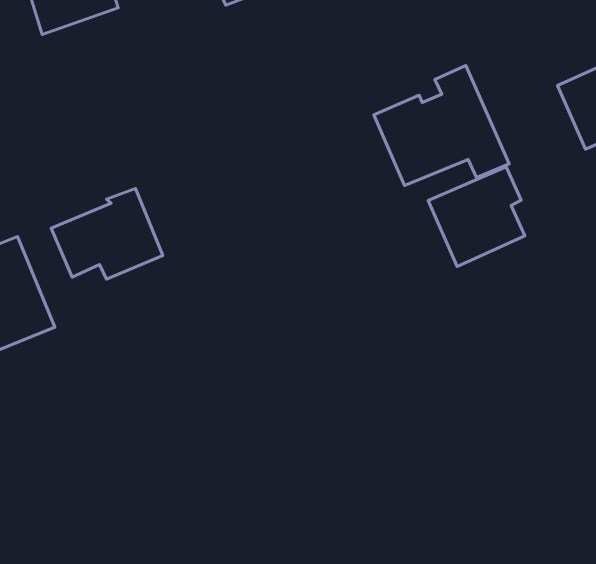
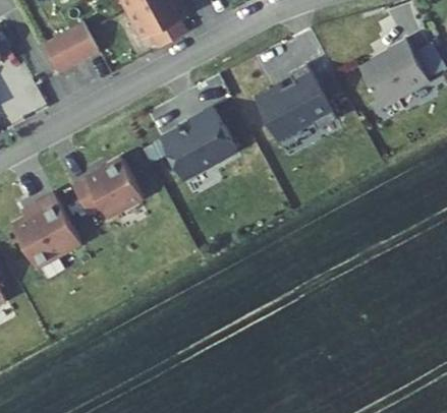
building: none -> [167,104,243,177]
building: [428,167,525,266] -> none

